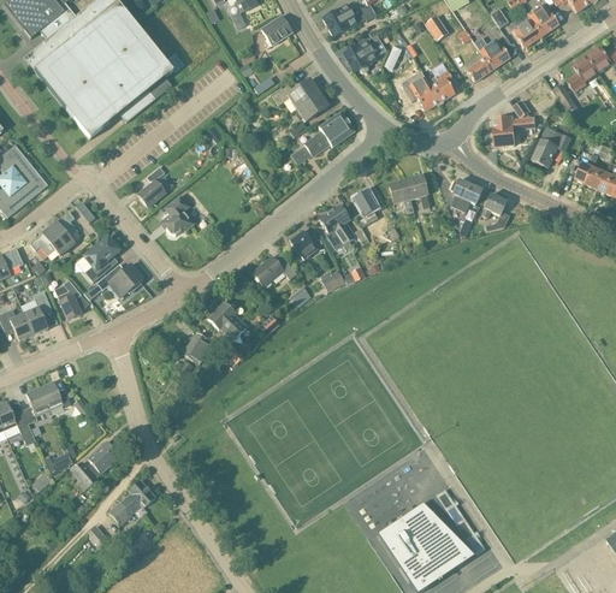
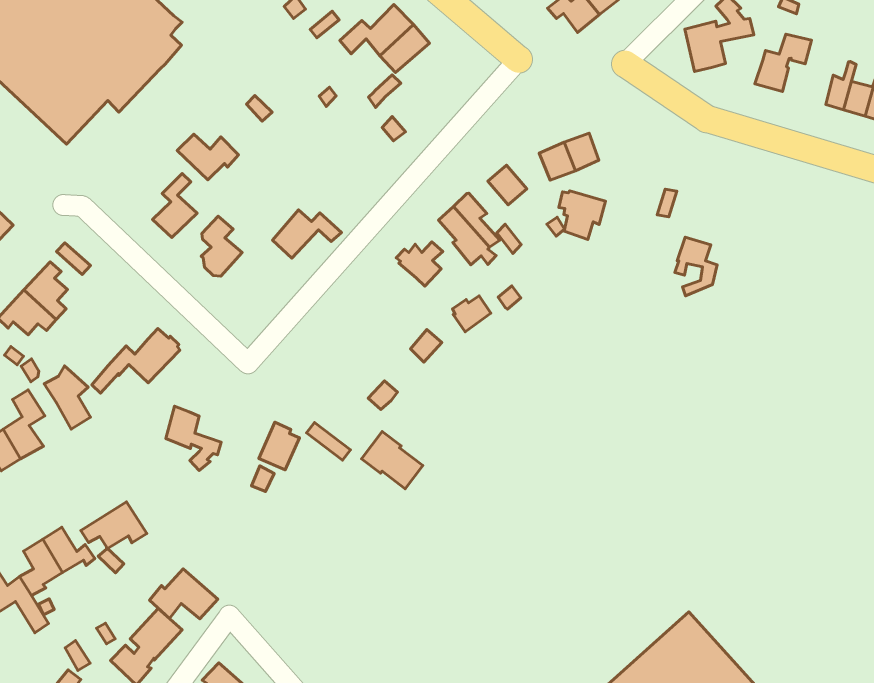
building: [303,111,354,155] -> none
building: none -> [177,134,238,180]
building: [450,179,480,212] -> [559,191,605,239]
building: [481,194,509,231] -> [675,237,717,296]
building: [84,235,120,280] -> none
building: [253,255,297,285] -> [272,210,341,258]
building: [209,302,248,340] -> [361,431,423,489]
building: none -> [166,406,221,471]
building: none -> [81,502,147,549]
building: none -> [150,569,218,619]

